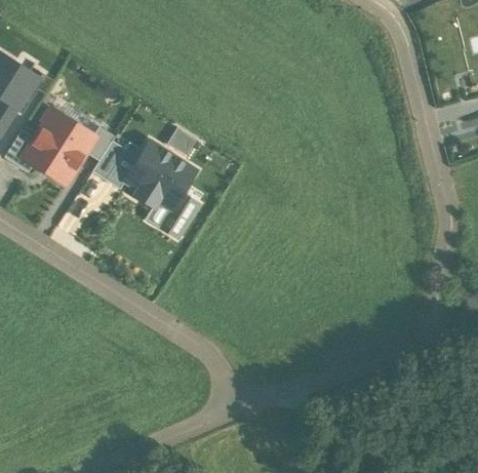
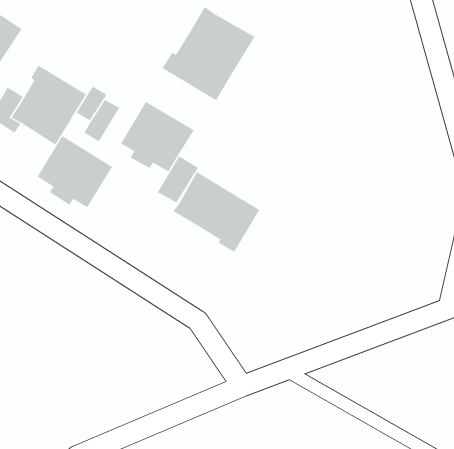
building: none -> [162,6,255,101]
building: none -> [37,135,113,208]
building: none -> [172,171,260,253]

